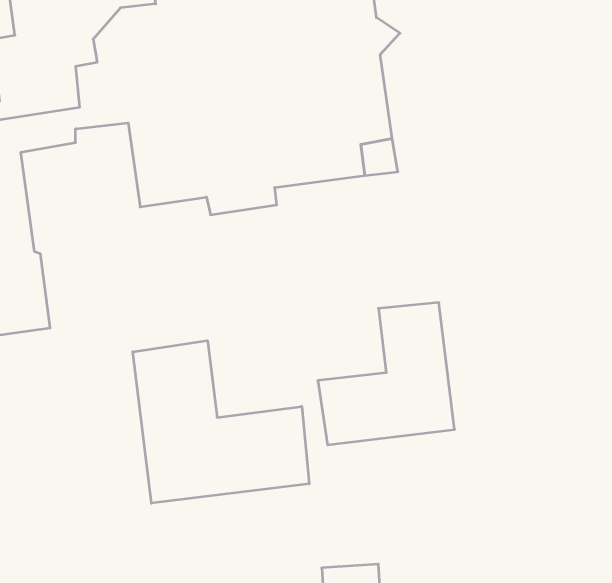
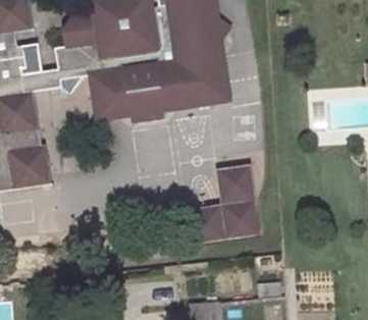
building: [133,341,309,503] -> none

